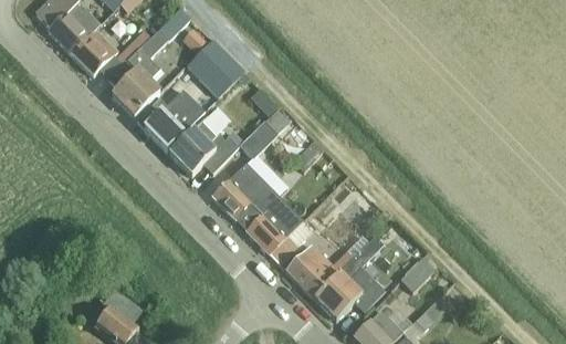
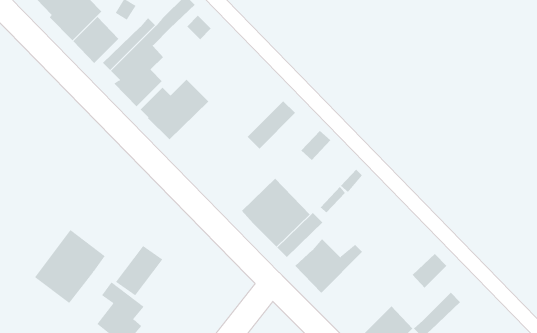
building: [188,42,242,96] -> none
building: [169,114,238,174] -> none
building: [212,163,269,218] -> none
building: none -> [34,229,106,304]
building: [314,234,385,319] -> none
building: none -> [115,245,163,296]

